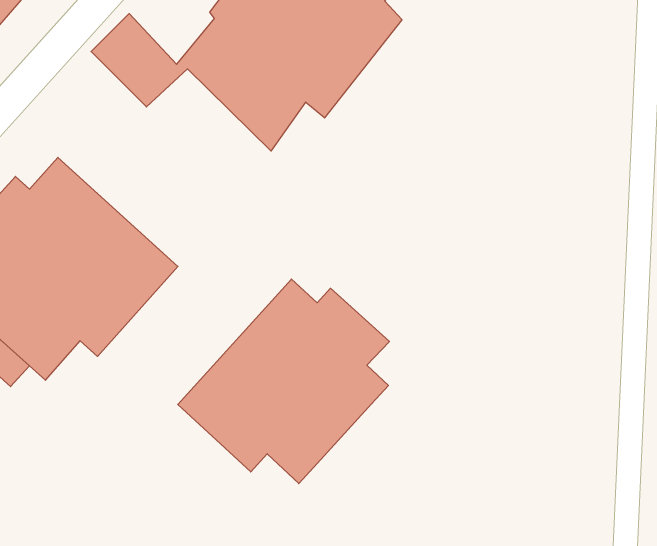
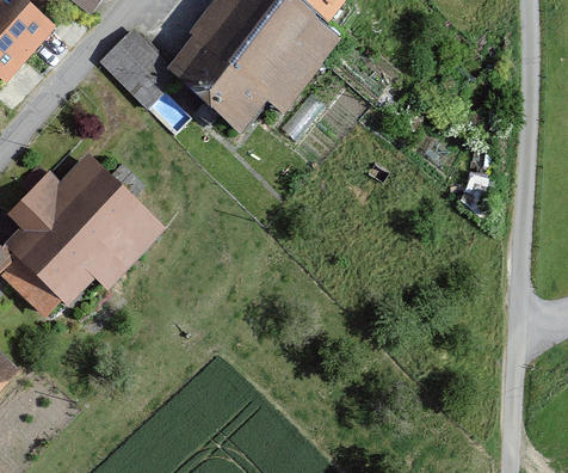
building: [178,279,389,484] -> none

